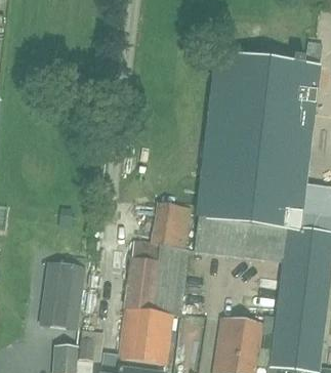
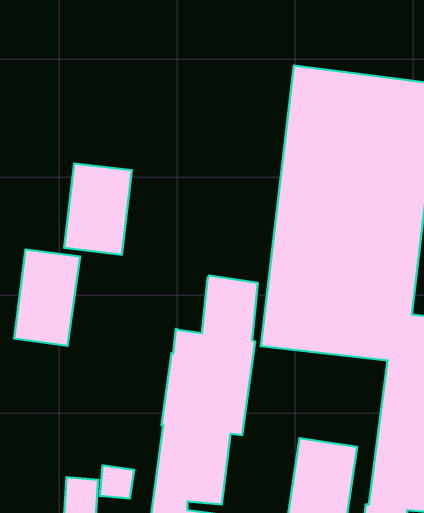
building: none -> [64,163,132,255]
building: [39,261,86,330] -> [14,249,80,346]

